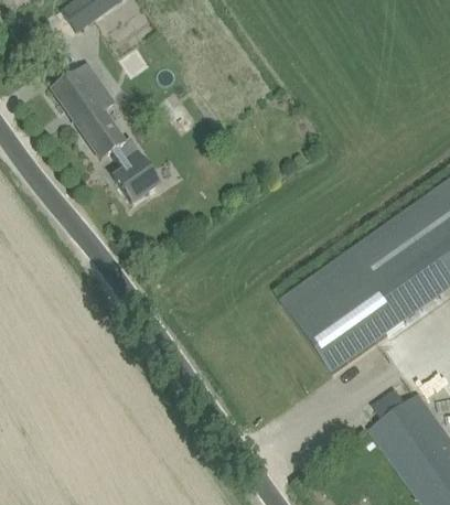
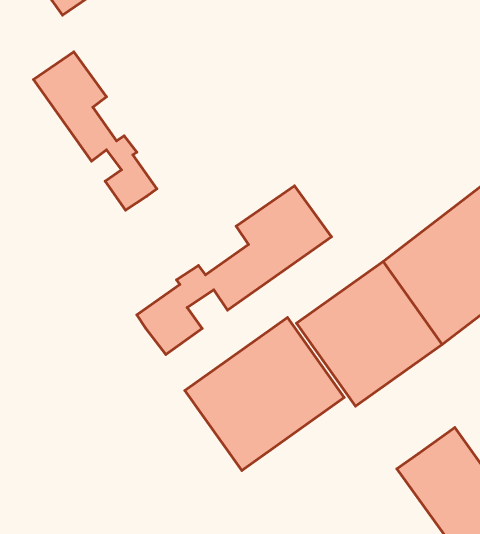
building: none -> [137,186,332,355]
building: none -> [185,318,344,470]

